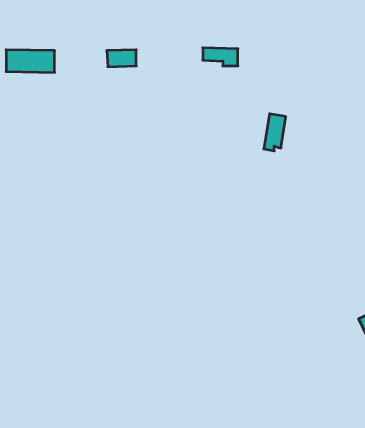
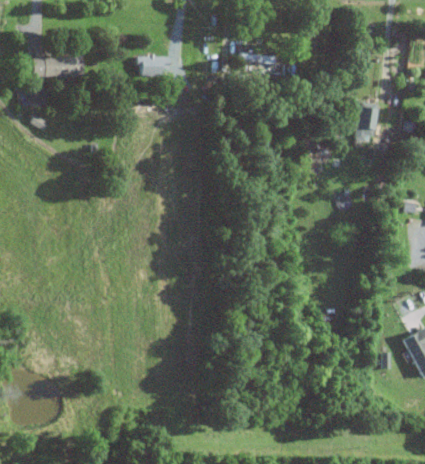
building: [264,114,286,151] -> [356,100,379,139]

